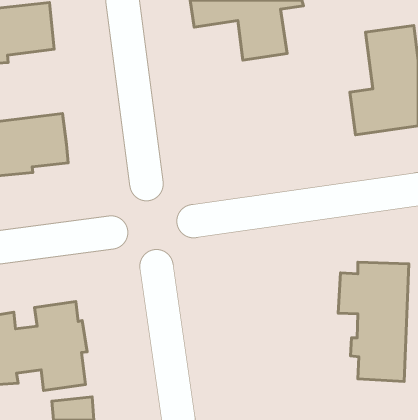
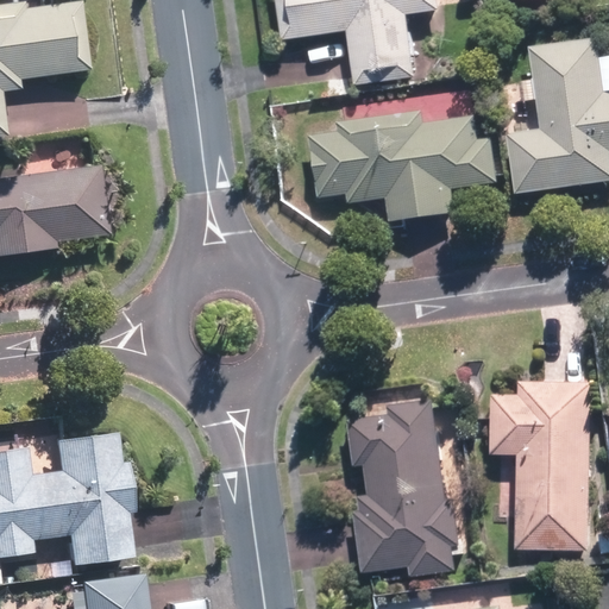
building: none -> [308,115,500,220]
building: none -> [349,400,475,578]

